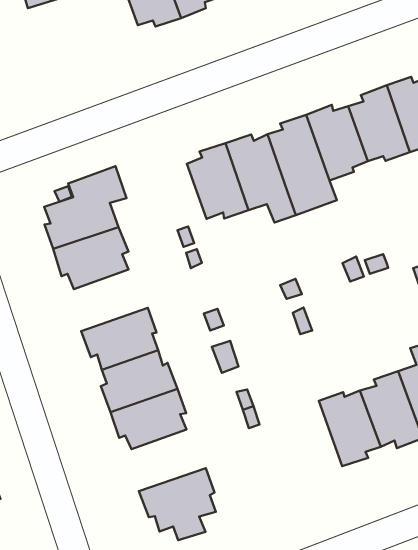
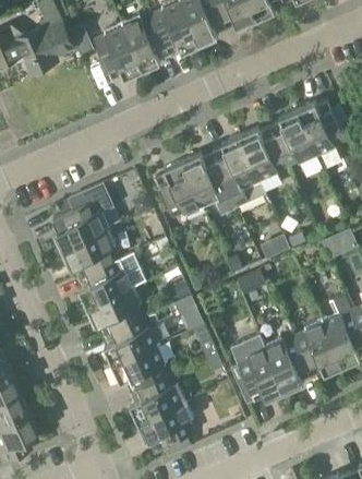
building: none -> [77,250,147,306]
building: none -> [230,335,285,399]
building: none -> [129,372,184,420]

